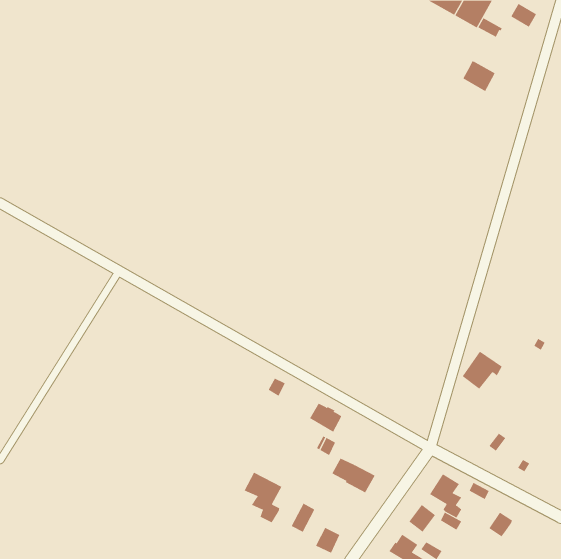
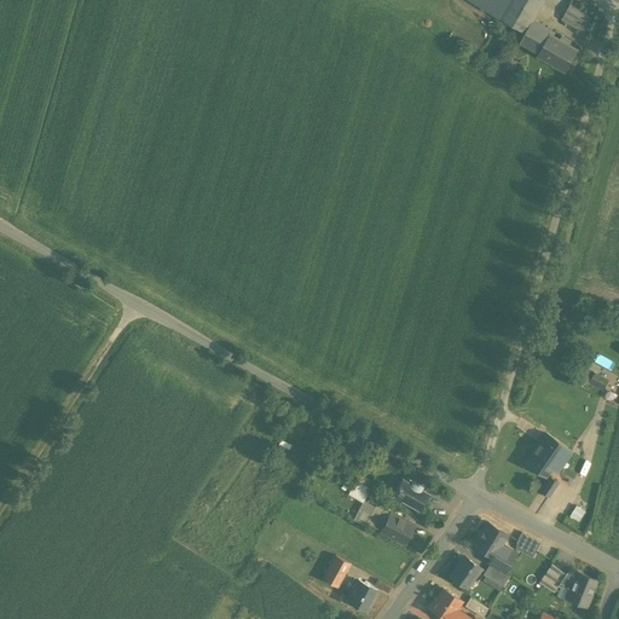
building: [462,60,495,92] -> [539,36,575,71]
building: [462,351,503,389] -> [525,435,569,478]
building: [309,403,342,433] -> [392,480,428,513]
building: [244,472,282,523] -> none
building: none -> [557,573,596,608]

